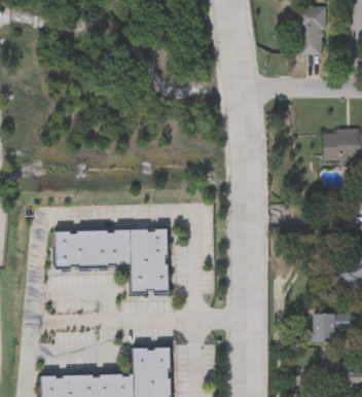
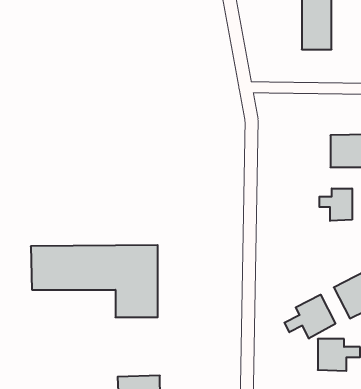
building: none -> [319,188,352,221]
building: none -> [284,295,335,339]

